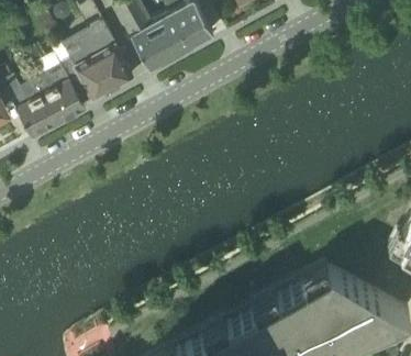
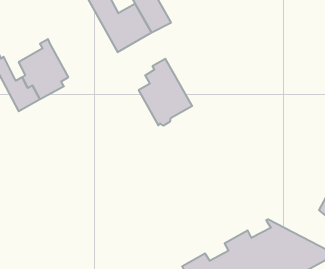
building: [70,21,134,100] -> [139,59,192,125]

